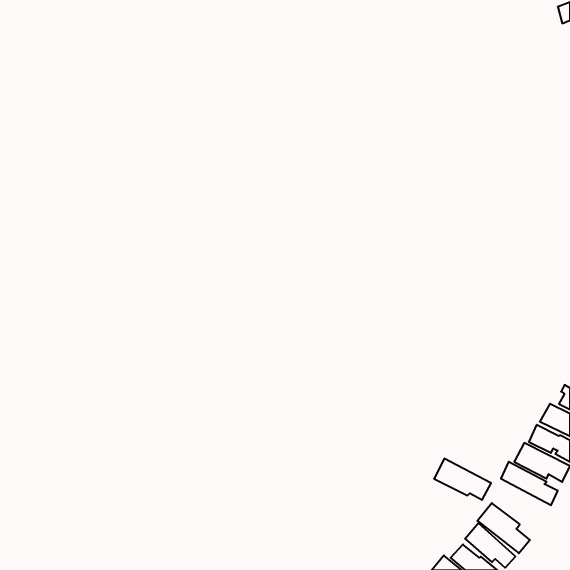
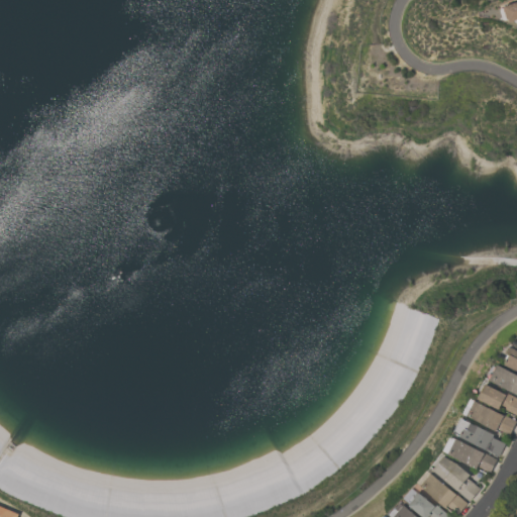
building: [434,459,491,500] -> [446,437,498,475]

